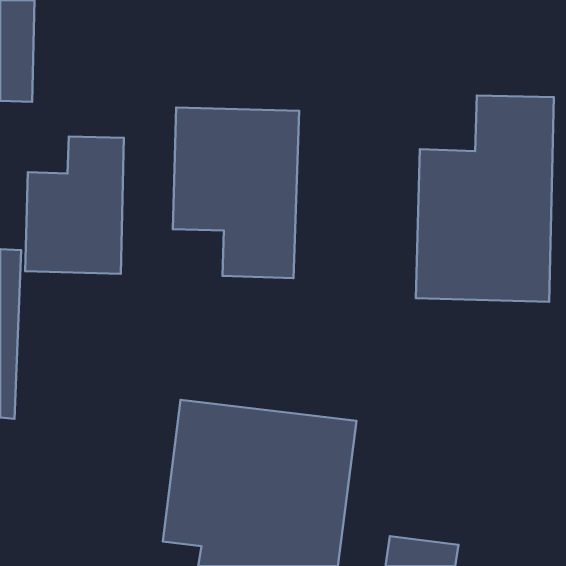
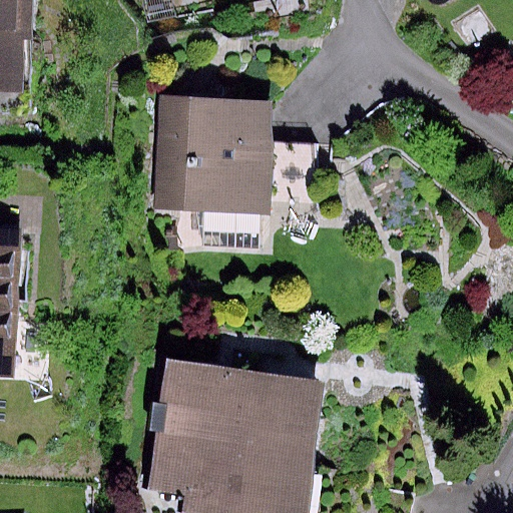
building: [416,96,554,302] -> none
building: [25,136,124,274] -> none

